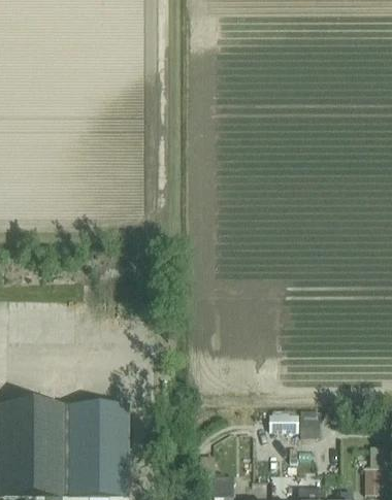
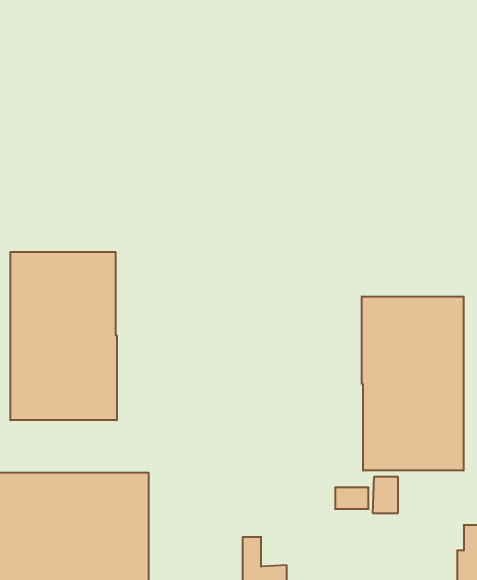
building: none -> [10,252,117,420]
building: none -> [362,296,464,471]

